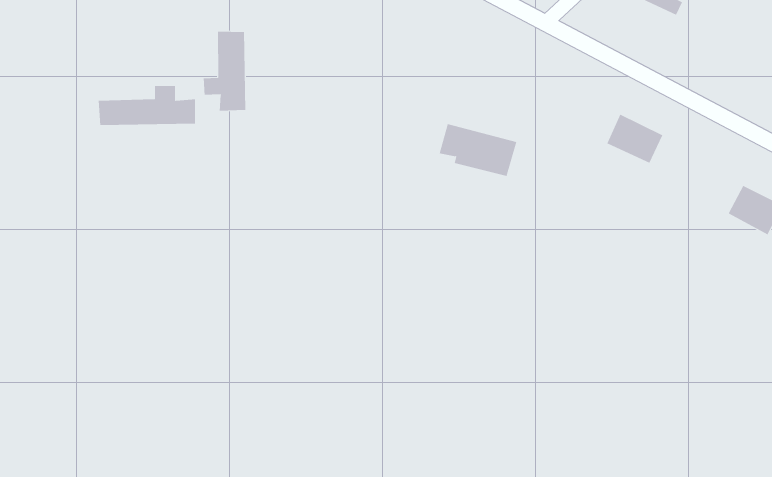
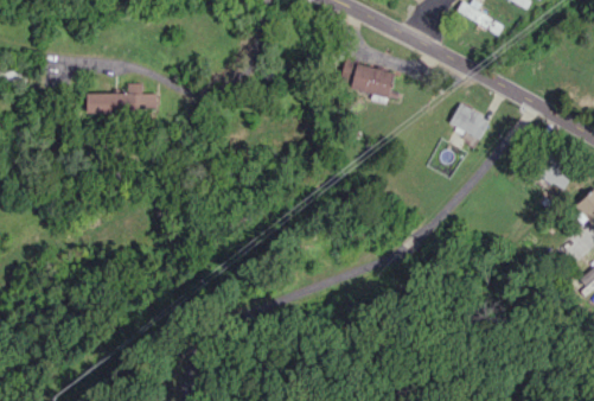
building: [203,31,246,111] -> none
building: [439,123,517,177] -> [339,59,395,97]

